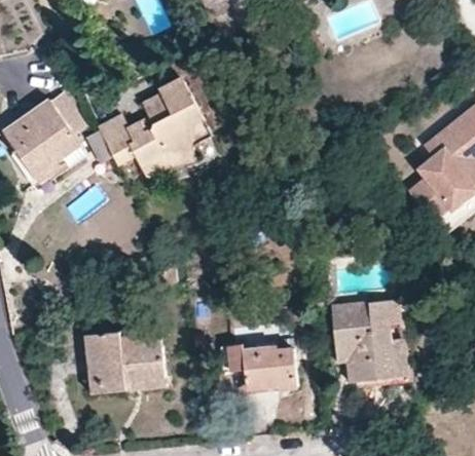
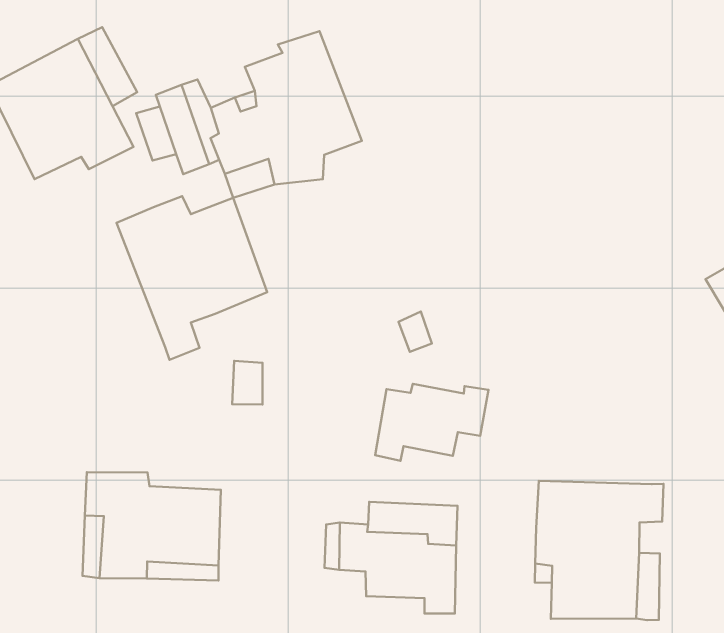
building: none -> [117,196,267,360]
building: none -> [375,384,488,461]

